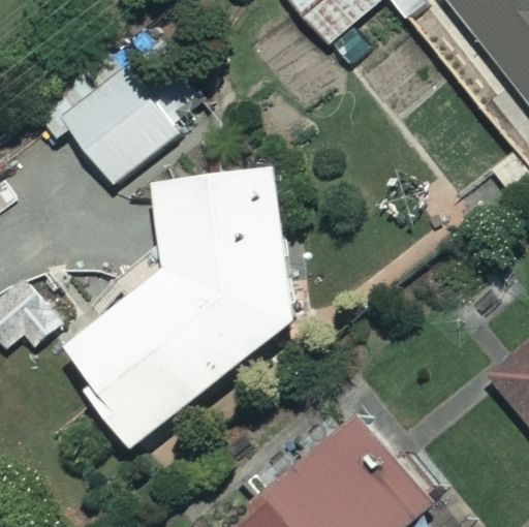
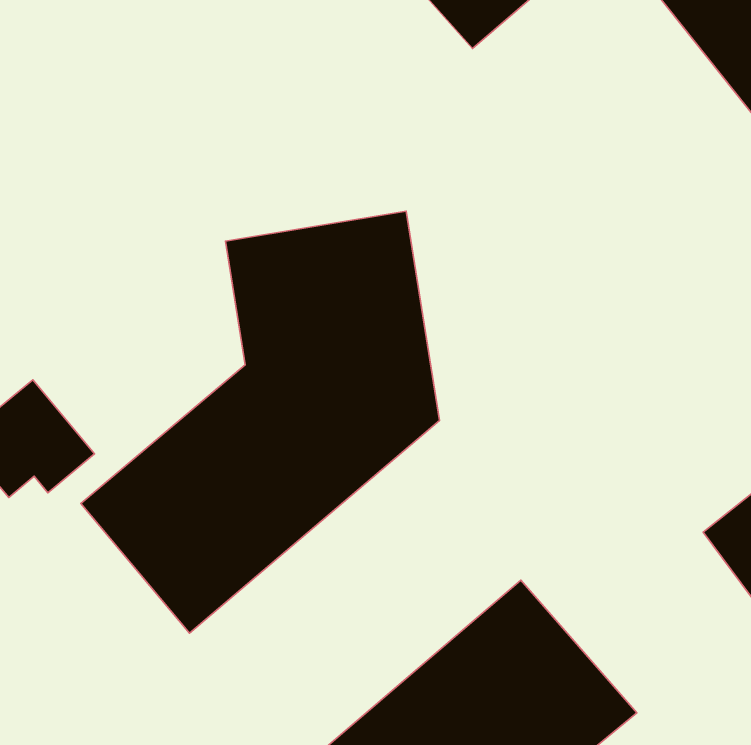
building: [36,42,194,188] -> none

